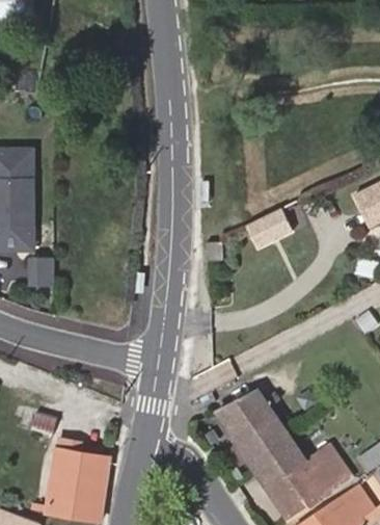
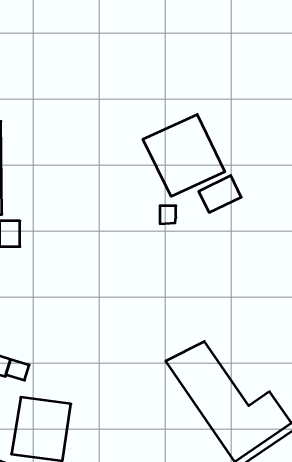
building: none -> [143,114,225,196]

